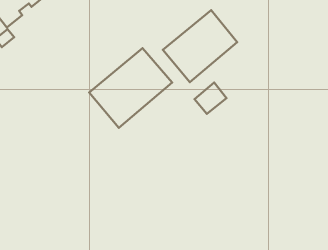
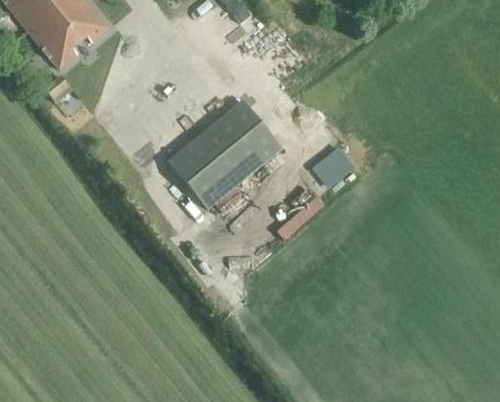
building: [163,10,237,82] -> none

